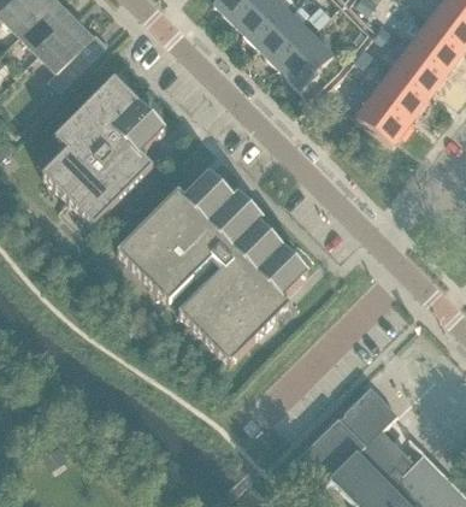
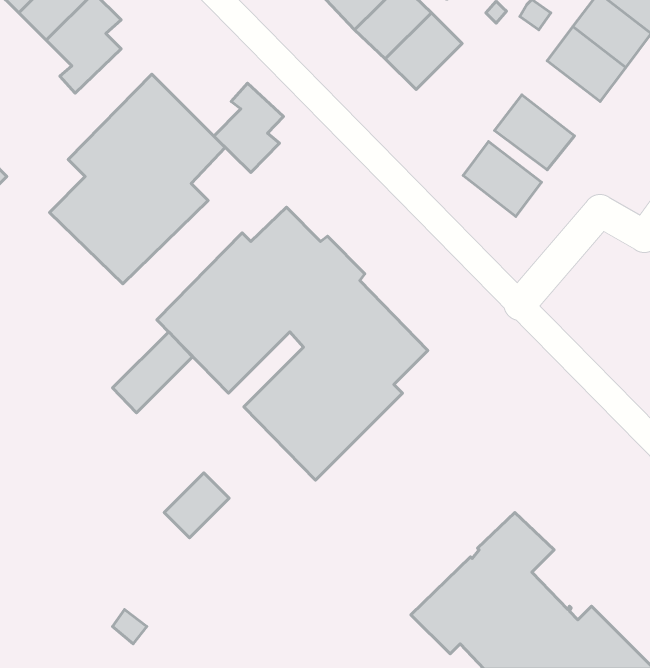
building: [374,66,430,119] -> [463,141,542,216]
building: none -> [214,83,284,172]
building: none -> [113,332,193,413]
building: none -> [164,473,229,538]

